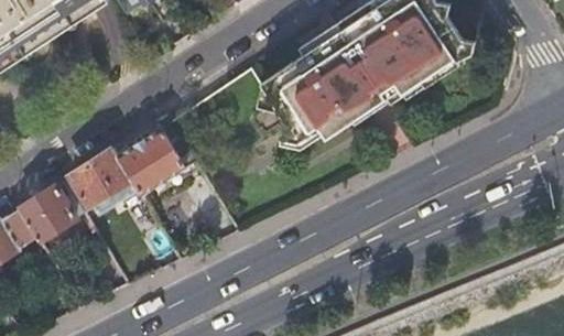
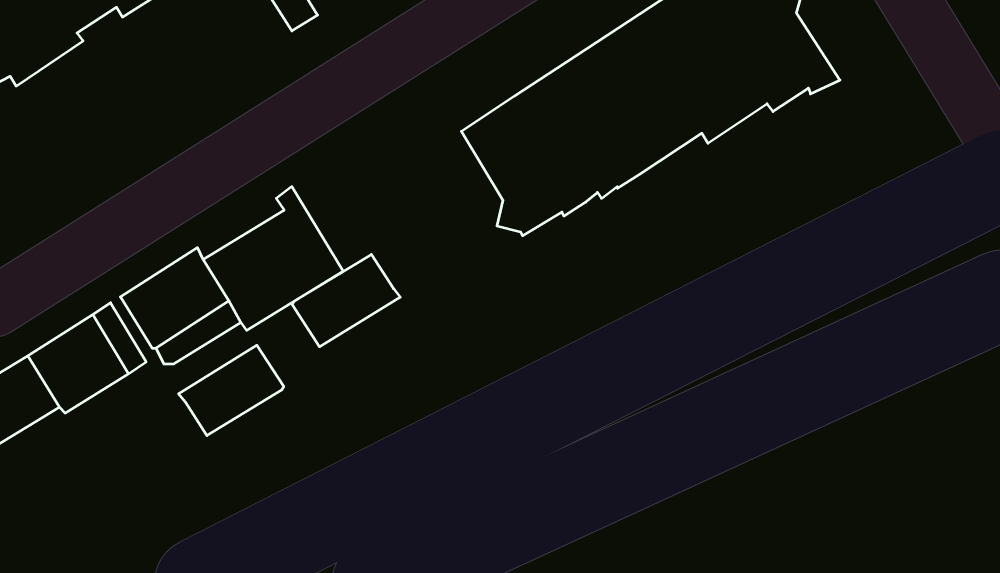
building: none -> [292,254,400,347]
building: none -> [179,345,284,436]

